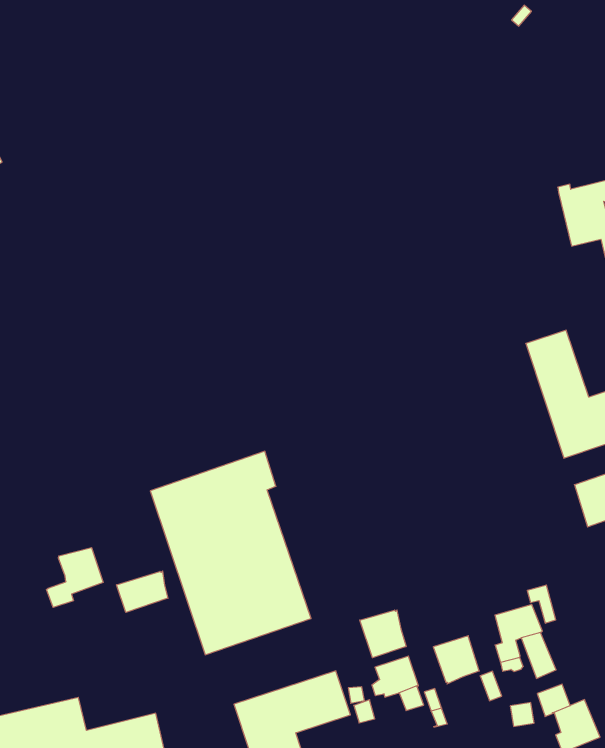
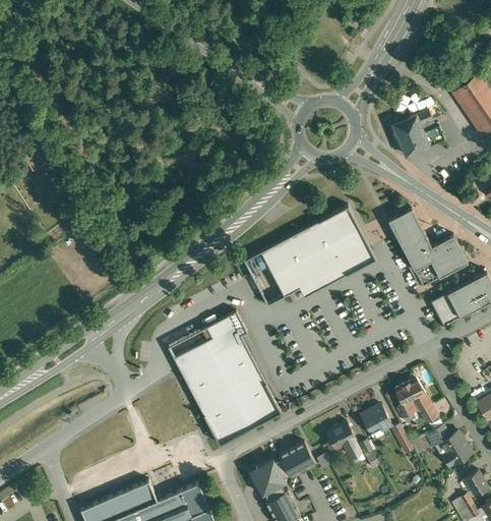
building: none -> [245,207,376,306]
building: [47,548,103,607] -> none
building: [117,571,168,612] -> none
building: [360,610,406,658] -> none

